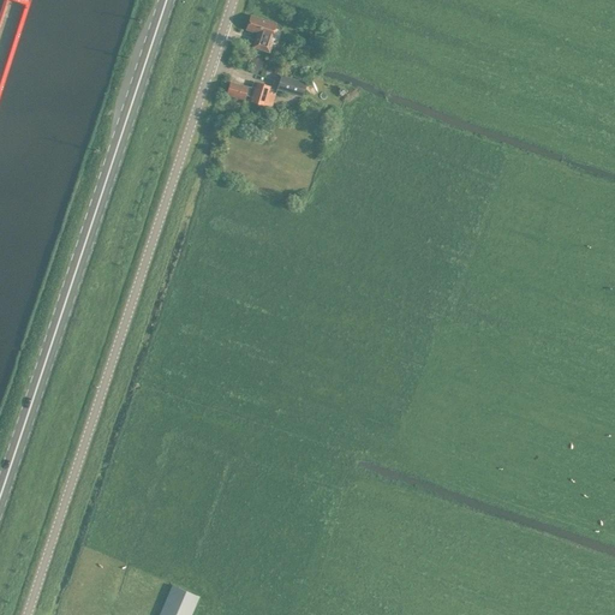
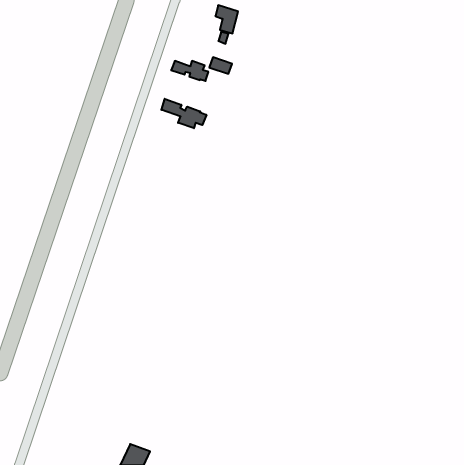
building: [247,14,277,52] -> [215,5,238,33]
building: none -> [161,99,206,128]

